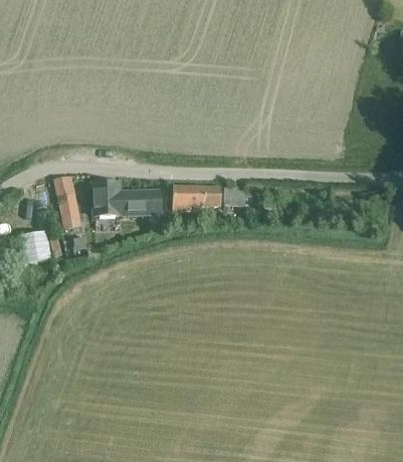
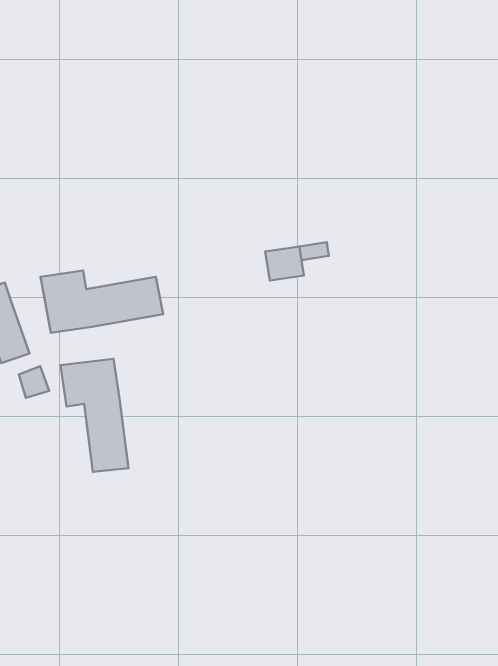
building: [175,187,221,209] -> none
building: none -> [60,359,129,472]

